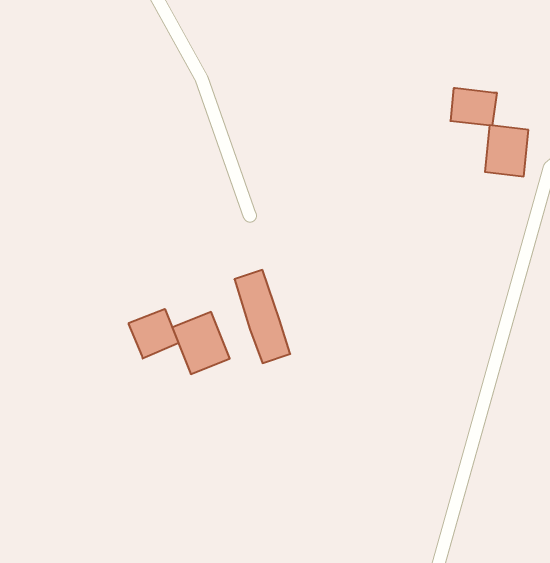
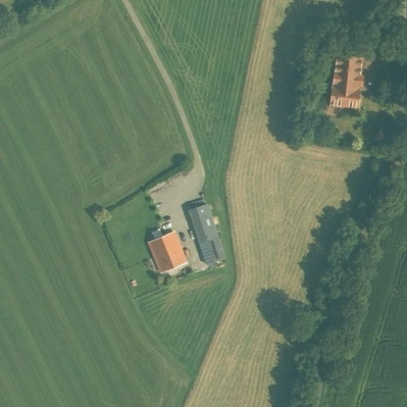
building: [485,125,528,176] -> [334,54,362,88]
building: [129,309,179,359] -> none

